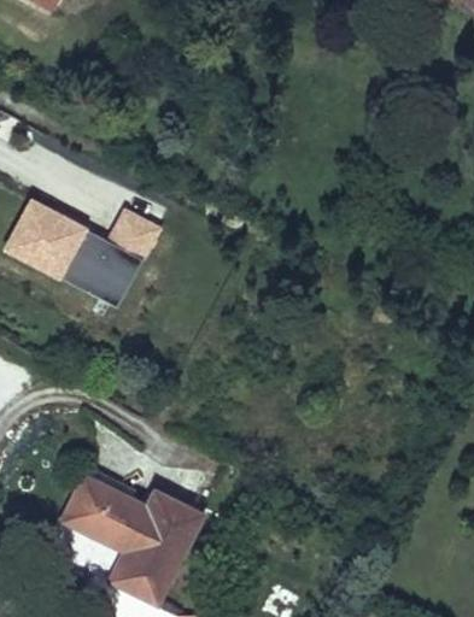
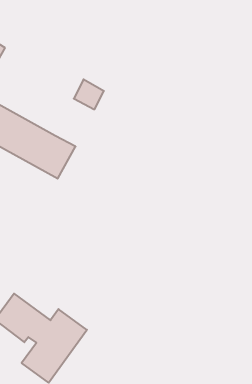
building: [116,207,159,249] -> [74,79,104,109]

